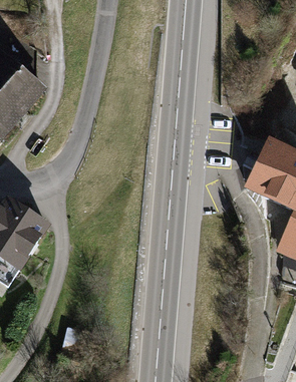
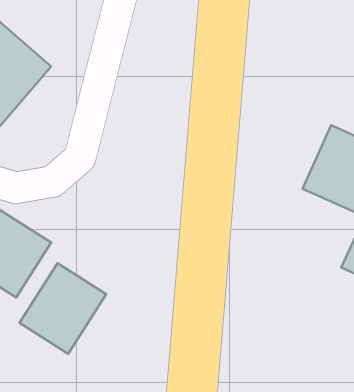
building: none -> [20,263,106,354]

